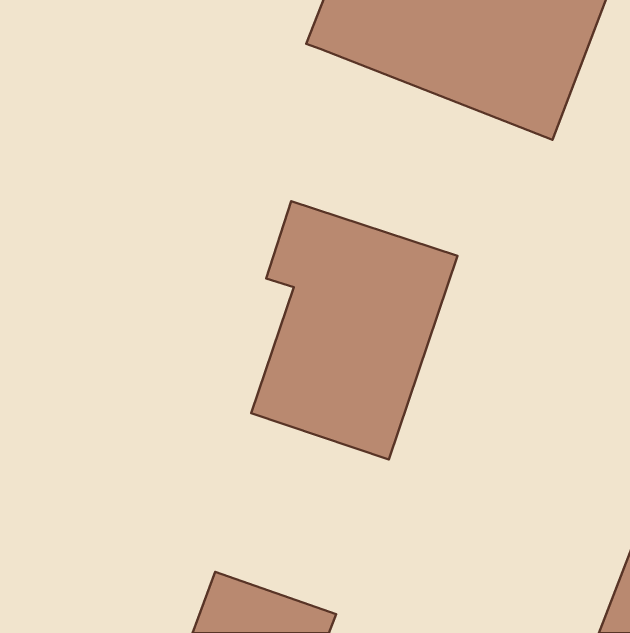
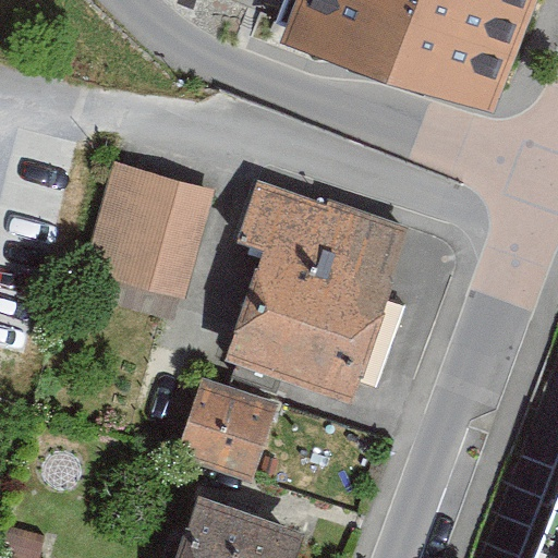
building: none -> [88,166,211,294]
building: none -> [178,381,275,481]

